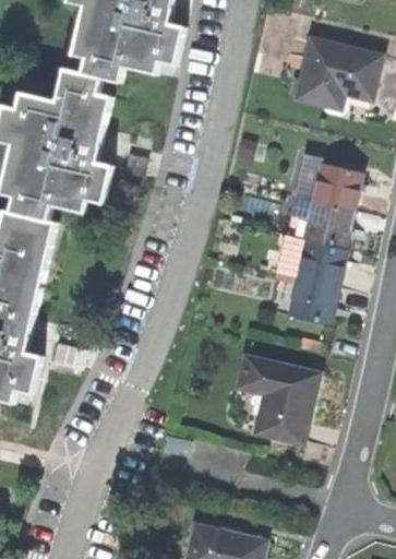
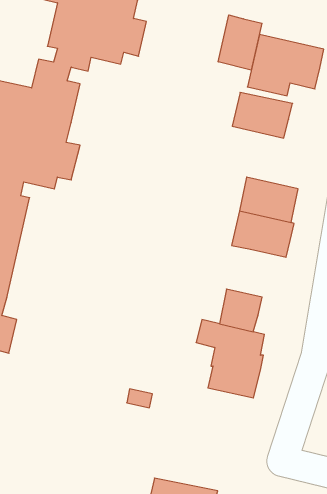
building: none -> [218,15,262,70]
building: [295,160,361,211] -> [232,92,293,138]
building: [291,277,338,324] -> [220,289,262,332]

